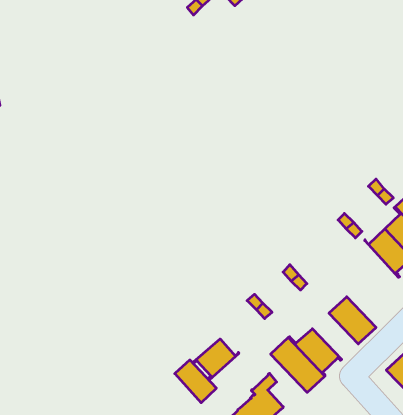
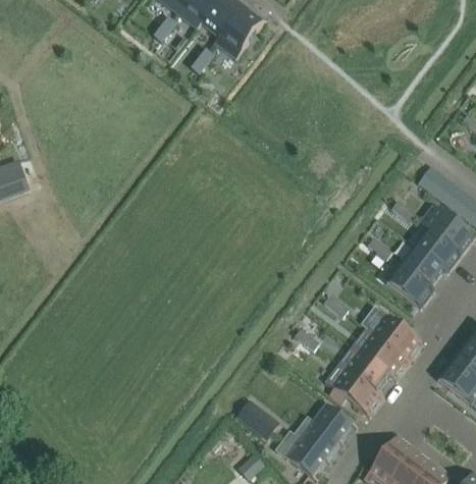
building: none -> [382,259,434,307]
building: none -> [361,333,407,375]
building: [194,339,239,380] -> none

